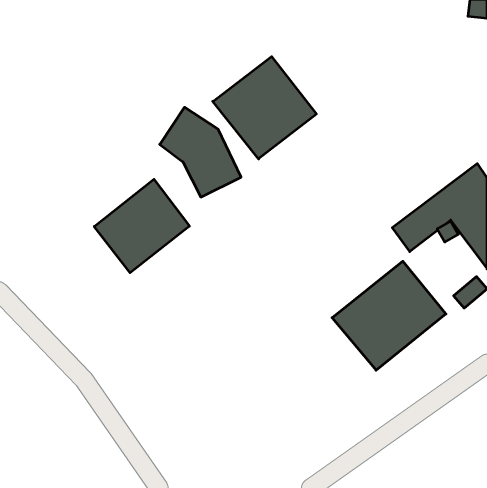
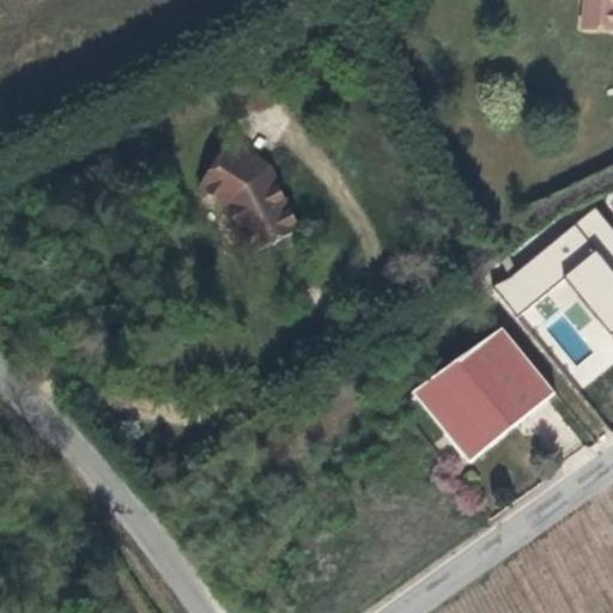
building: [213,57,316,159] -> none
building: [94,179,189,273] -> none

